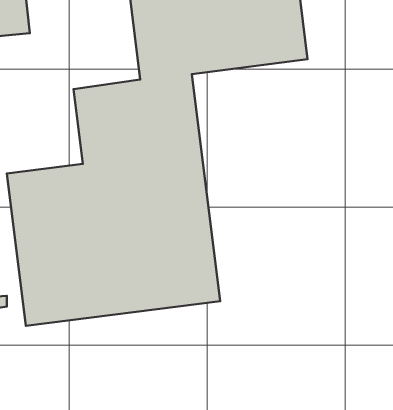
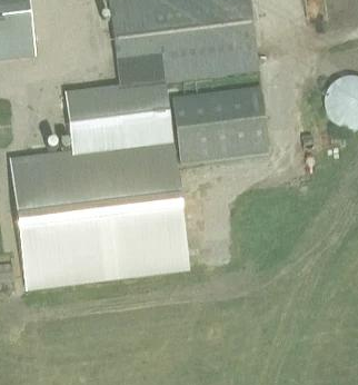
building: none -> [172,87,268,164]

